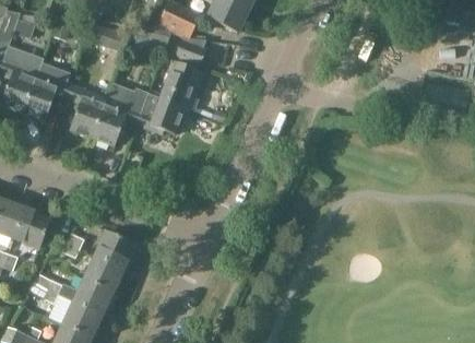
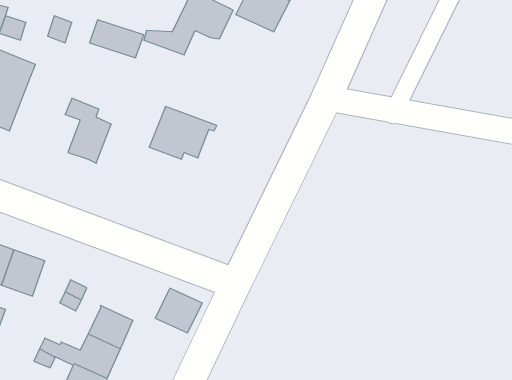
building: [159,36,206,107] -> none
building: [22,64,73,119] -> none
building: [92,82,147,145] -> none
building: [95,228,133,264] -> [155,288,202,333]

